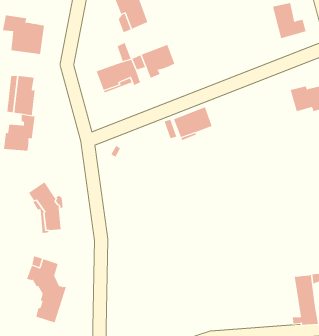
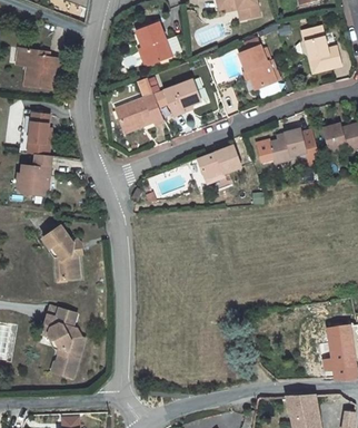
building: none -> [239,46,279,89]
building: none -> [269,129,306,163]

